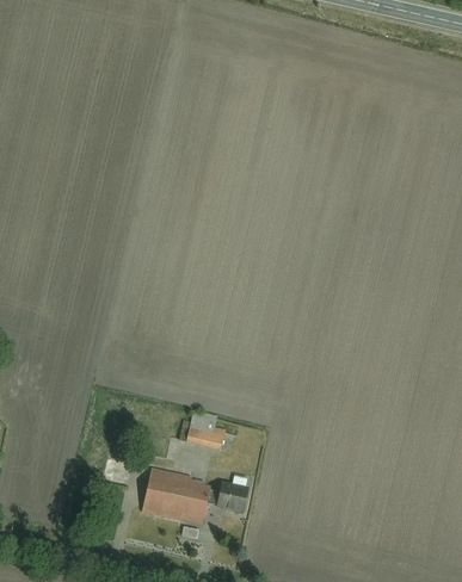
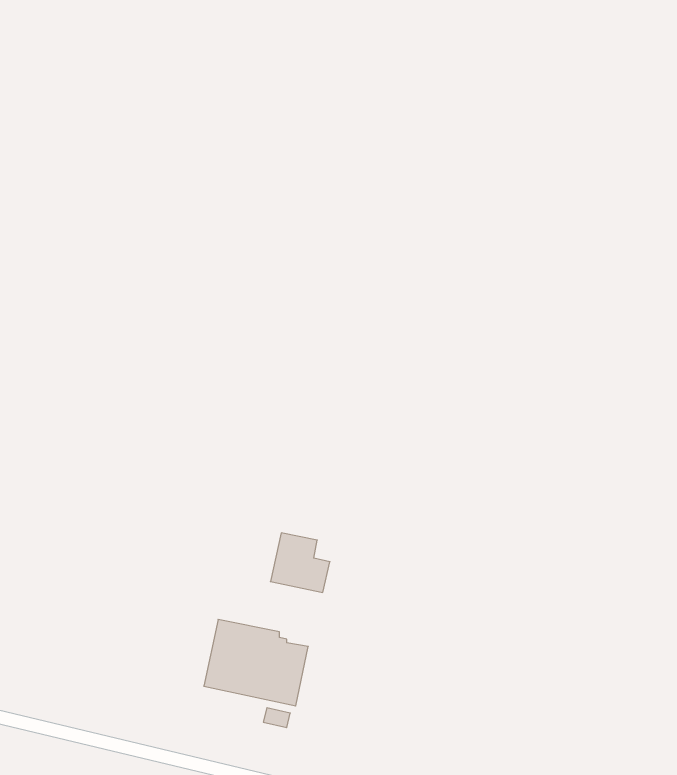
building: [215,481,250,514] -> none

